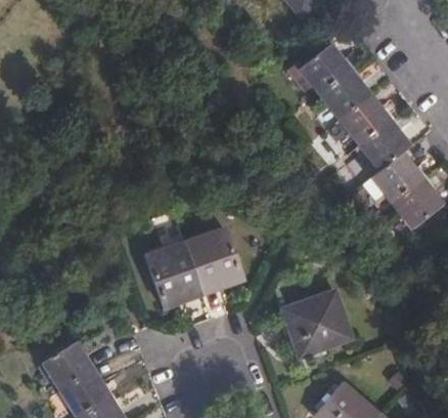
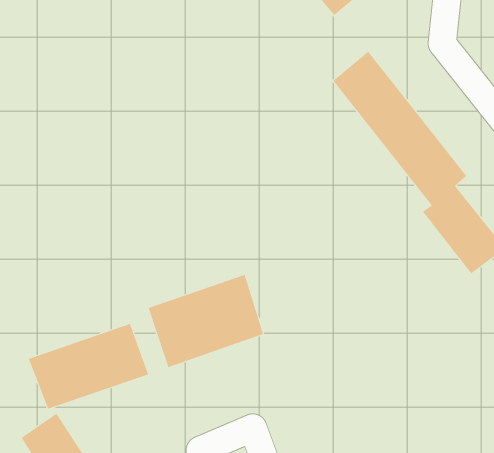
building: none -> [28,323,149,410]
building: [283,291,353,357] -> none

